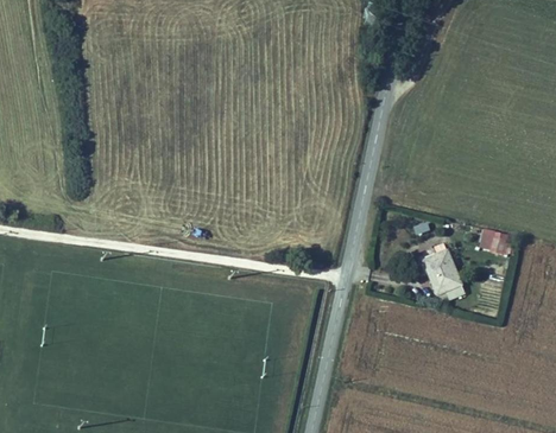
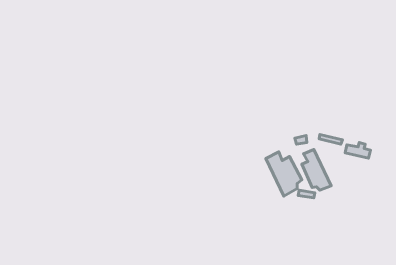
building: none -> [266,152,302,196]

